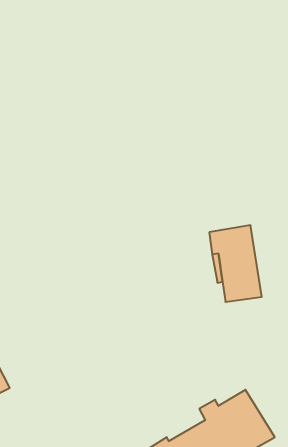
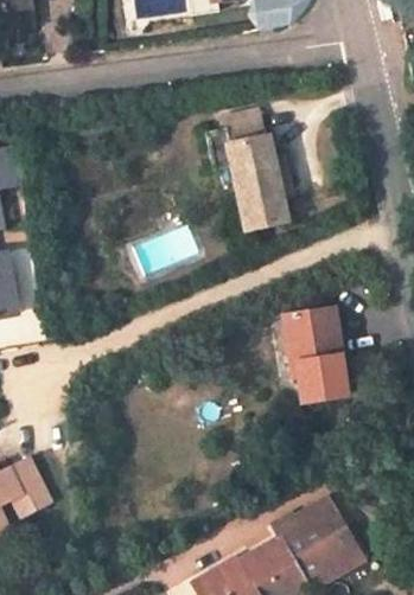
building: none -> [202,110,284,228]

